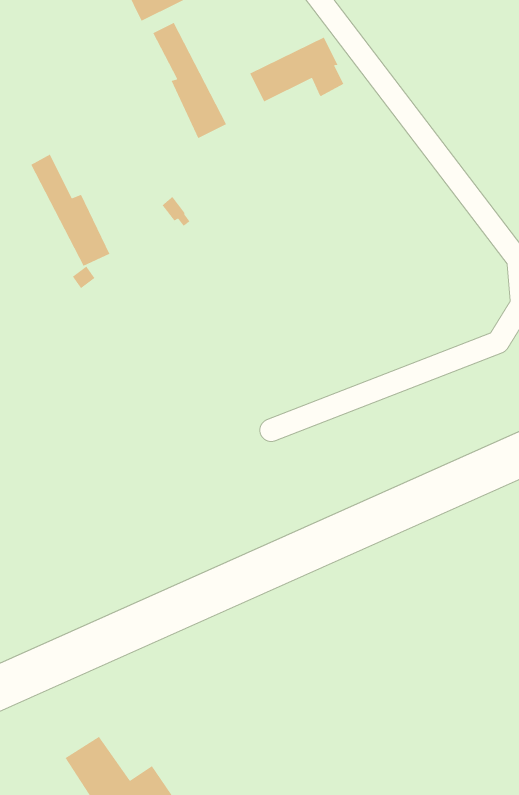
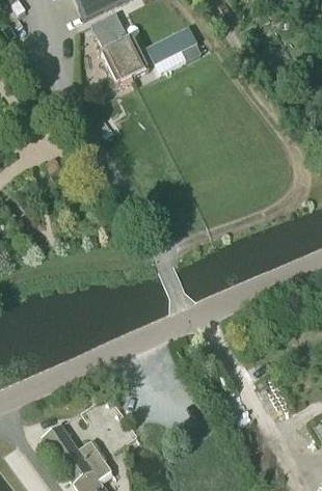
building: [30,153,111,267] -> [104,11,150,76]

